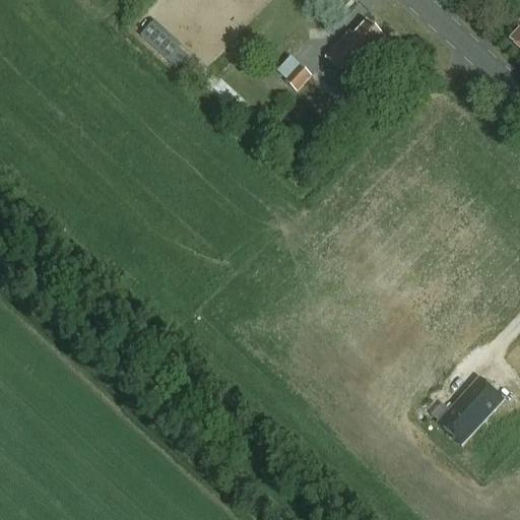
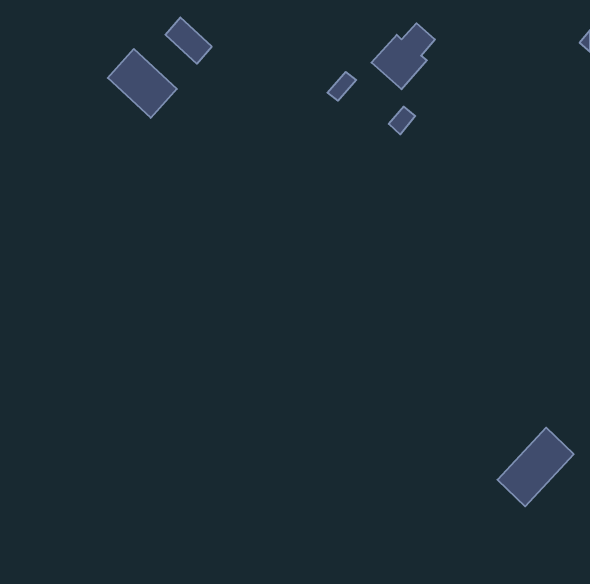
building: none -> [108,49,177,118]

